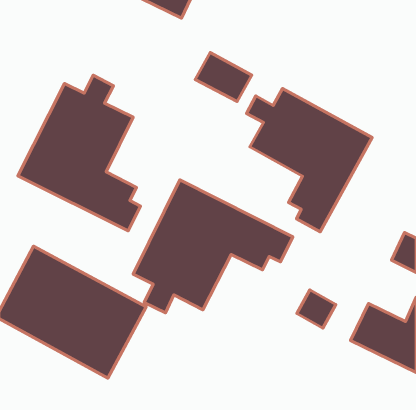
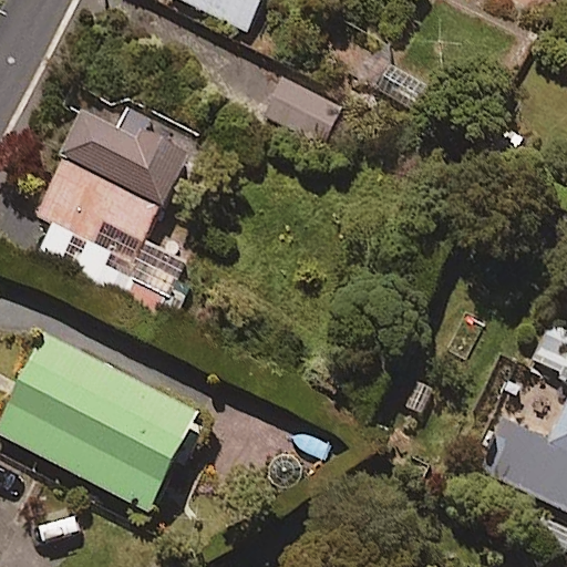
building: [246,89,372,232] -> none
building: [133,180,293,313] -> none

